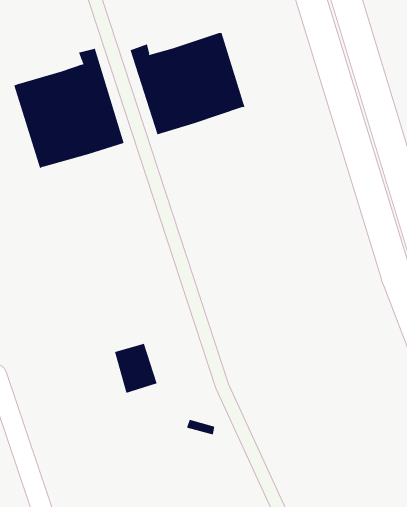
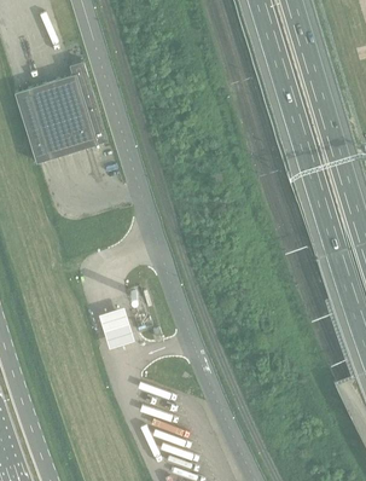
building: [130,32,245,135] -> none

